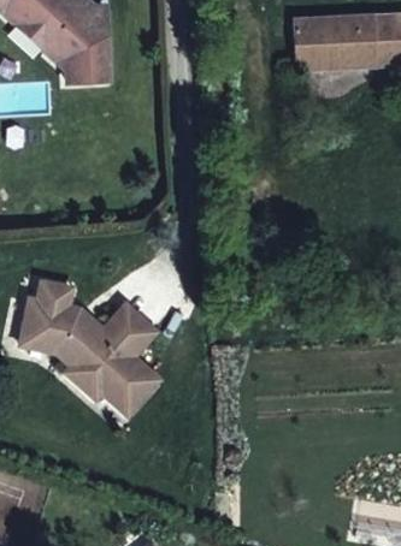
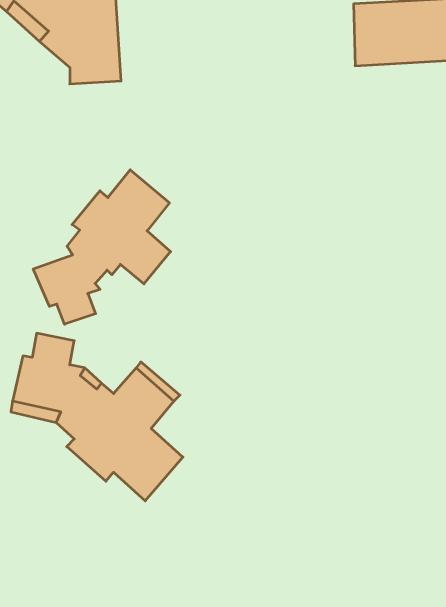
building: none -> [33,170,171,324]

